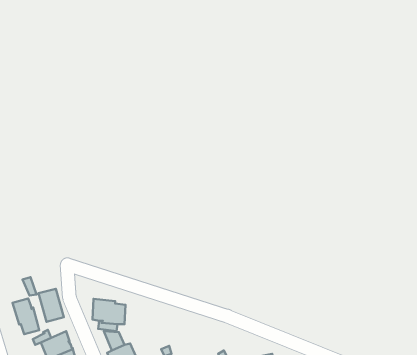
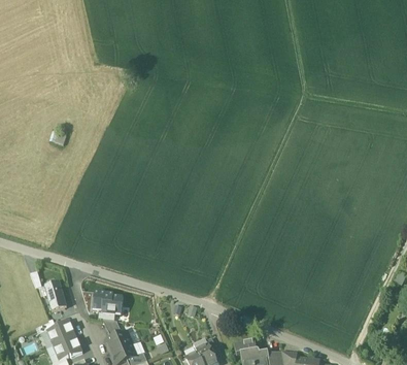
building: [12,299,39,334] -> none

